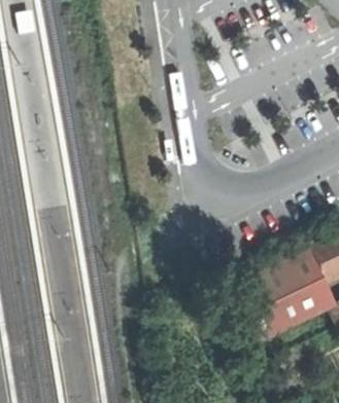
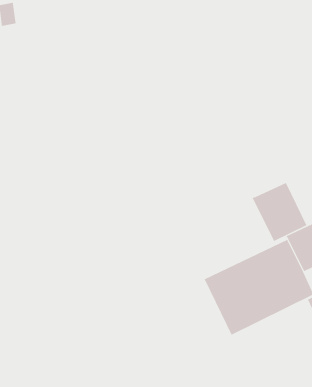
building: none -> [252,182,307,242]

